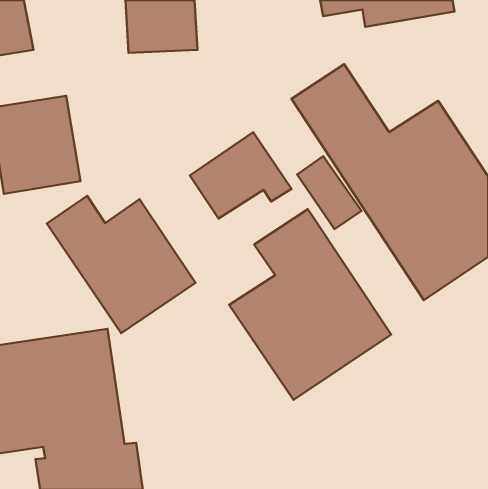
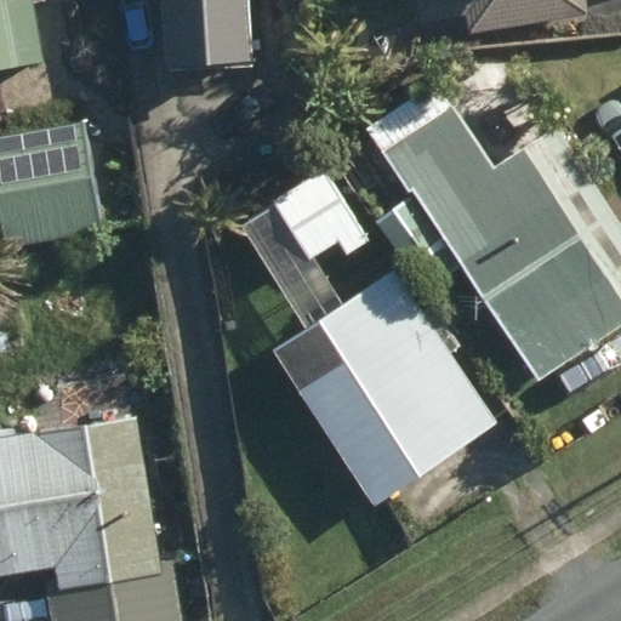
building: [47,196,196,333] -> none

